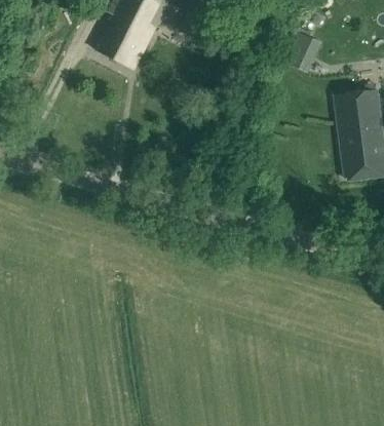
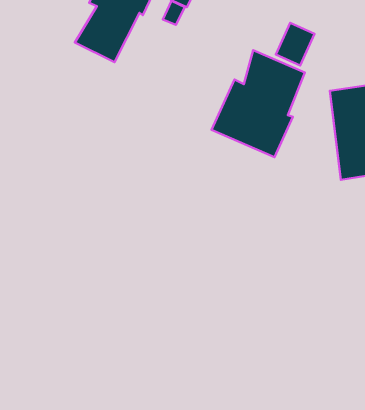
building: none -> [211,50,305,157]

